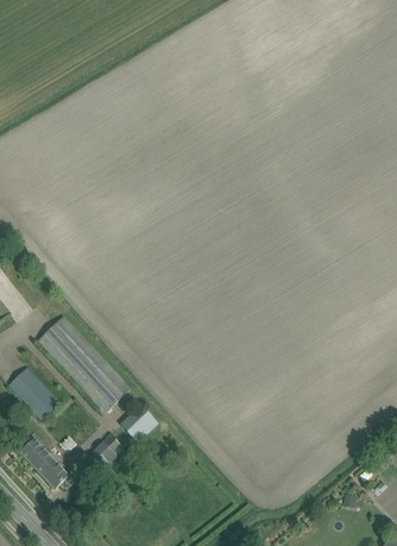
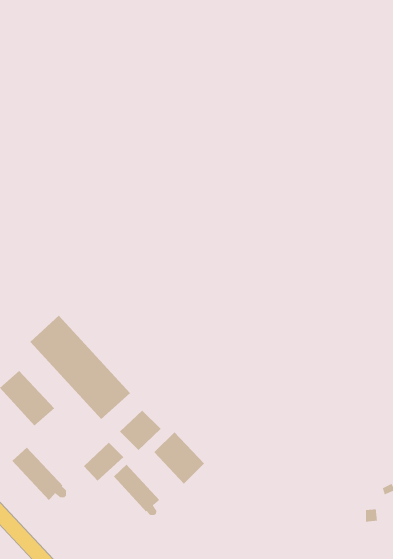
building: none -> [153,431,205,484]
building: none -> [113,464,160,516]

